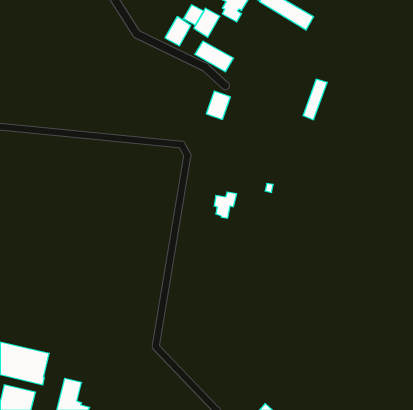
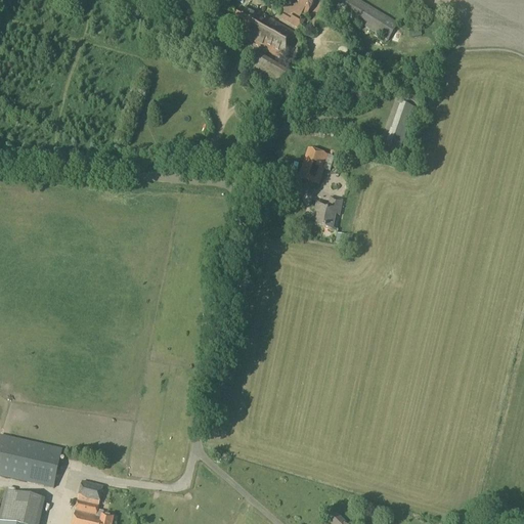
building: [165,17,191,46] -> [263,20,296,57]
building: [206,91,230,119] -> [298,146,329,182]
building: [214,192,237,218] -> [314,195,343,228]

